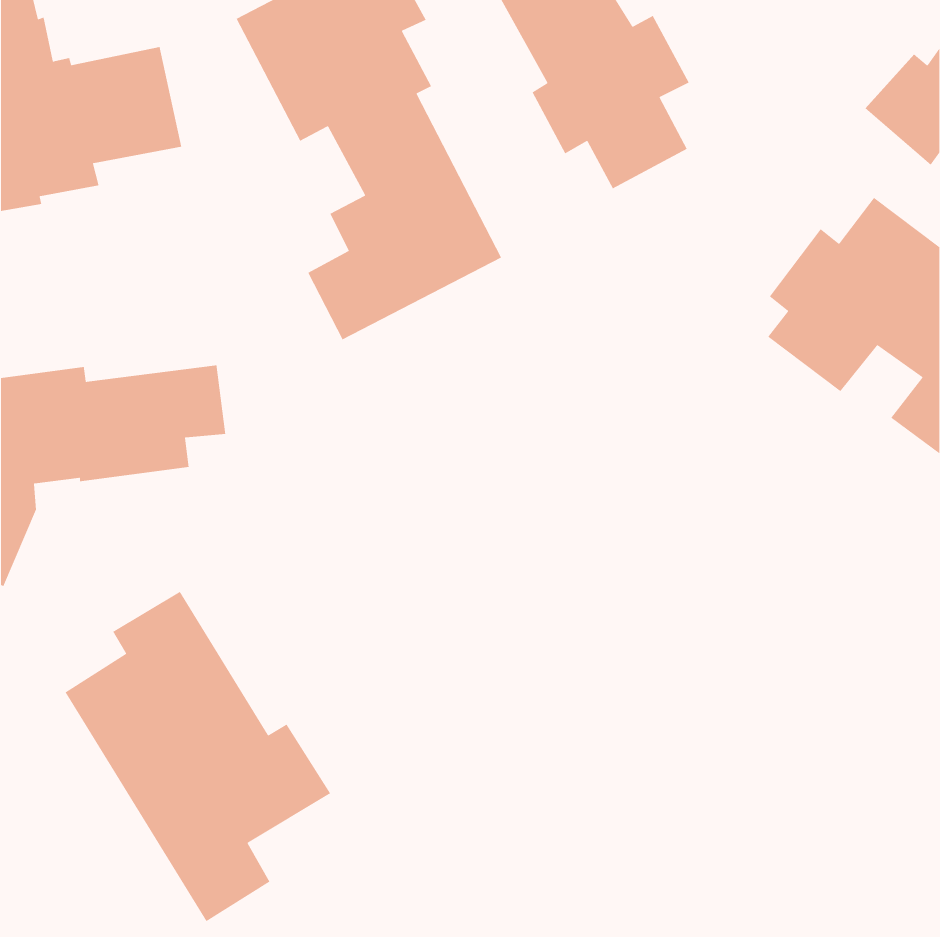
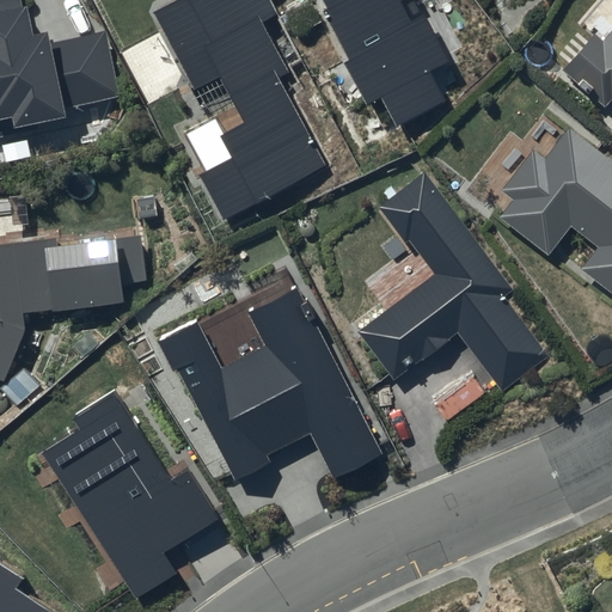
building: none -> [357,170,549,390]
building: none -> [160,283,382,476]

